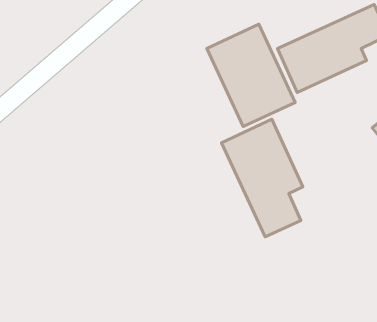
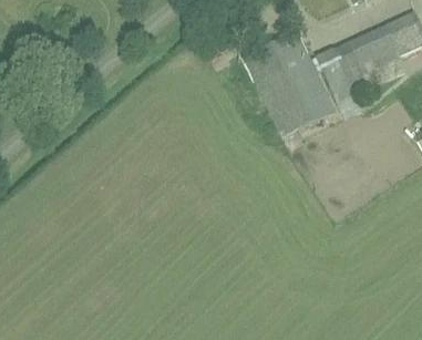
building: [222,119,303,237] -> none

